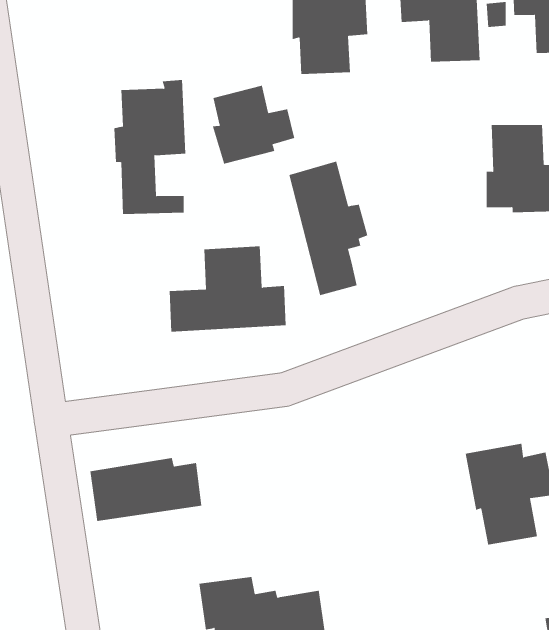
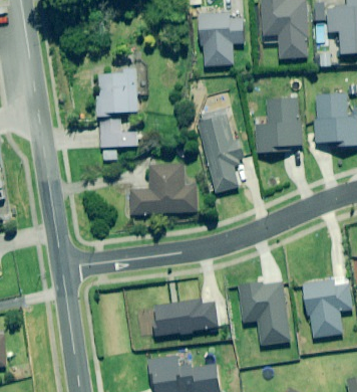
building: [212,85,295,165] -> none
building: none -> [253,96,302,154]
building: none -> [238,280,289,345]
building: [90,457,202,521] -> [153,299,219,336]

